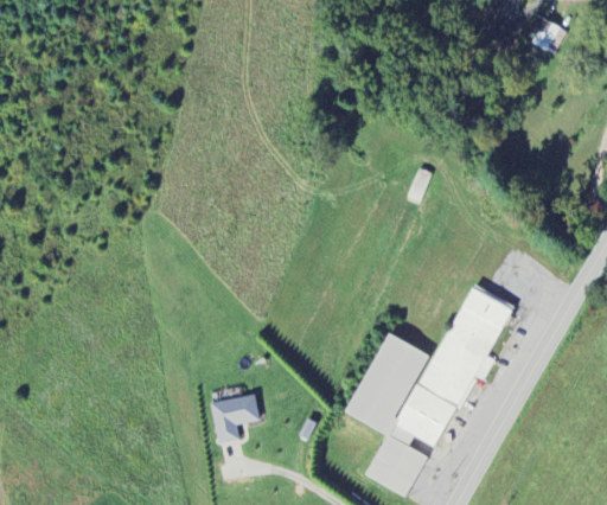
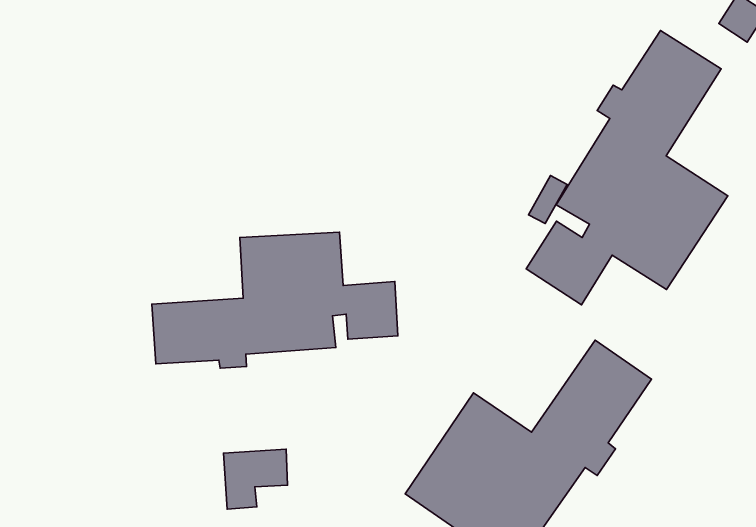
building: none -> [526,30,728,305]
building: none -> [152,232,398,368]

